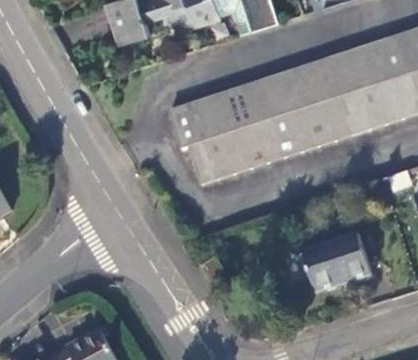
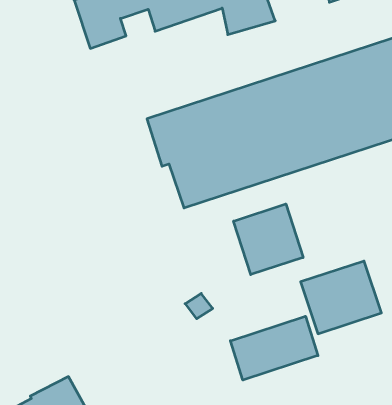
building: none -> [234,204,303,275]
building: none -> [230,316,318,380]

